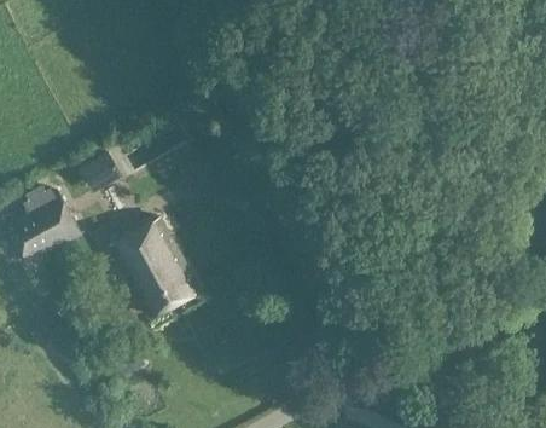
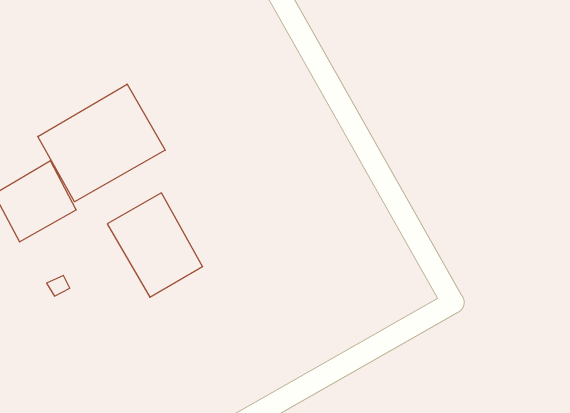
building: none -> [38,84,165,202]

